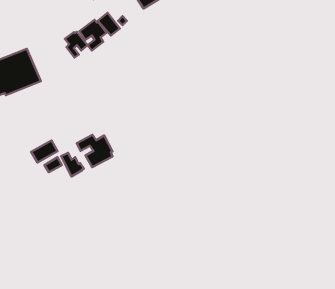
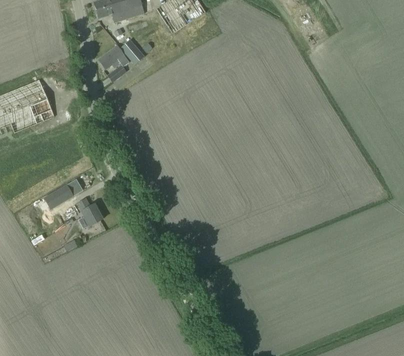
building: [65,32,87,57] -> none
building: [77,135,113,167] -> none

